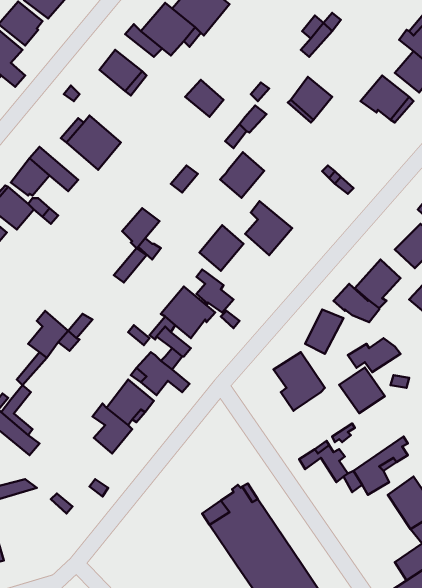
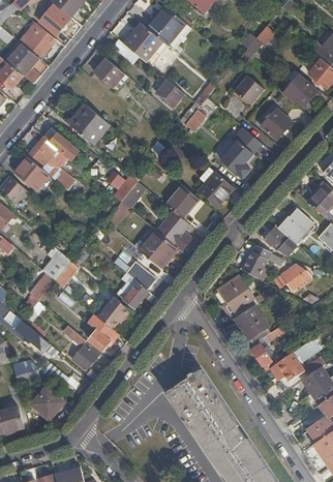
building: none -> [261,108,292,140]
building: [220,152,264,198] -> [220,140,252,173]
building: [339,368,385,413] -> [235,305,268,338]
building: none -> [68,329,100,369]
building: none -> [33,387,62,417]

